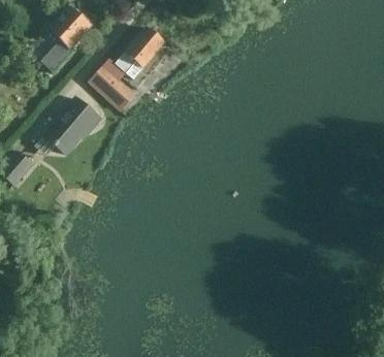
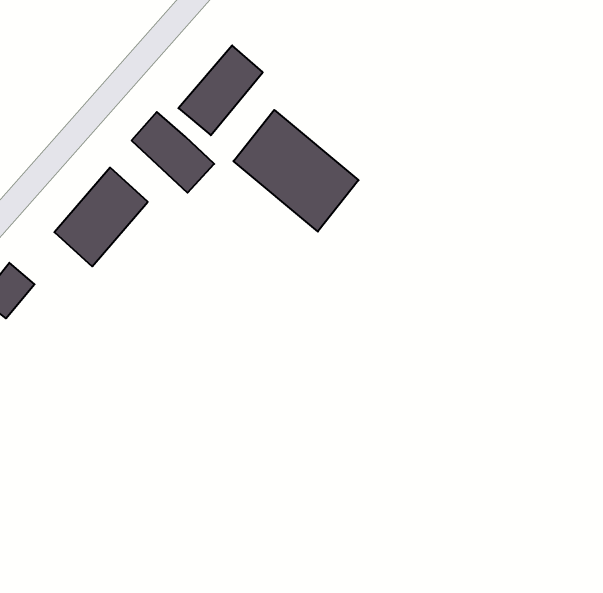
building: [42,6,91,72] -> none
building: none -> [233,110,359,232]

